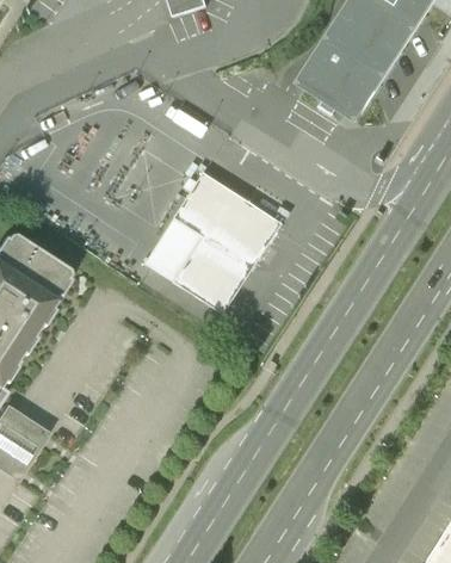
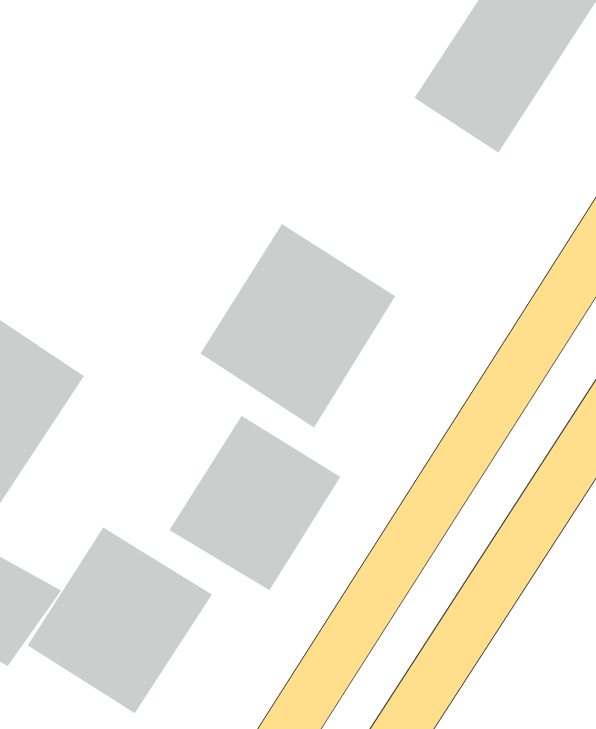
building: none -> [168,415,341,591]
building: none -> [27,526,213,714]

